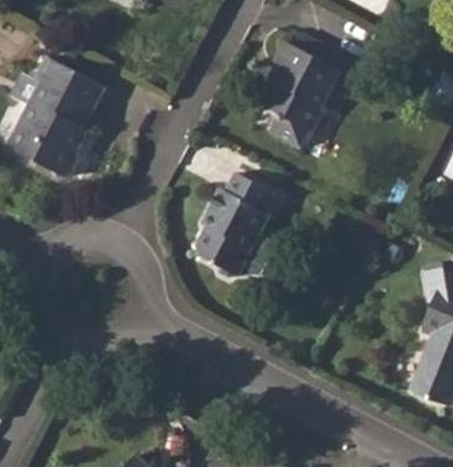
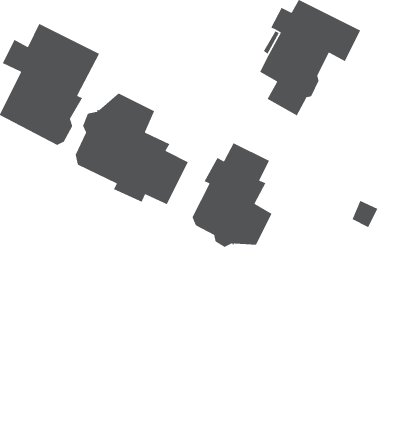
building: none -> [75,93,189,205]

